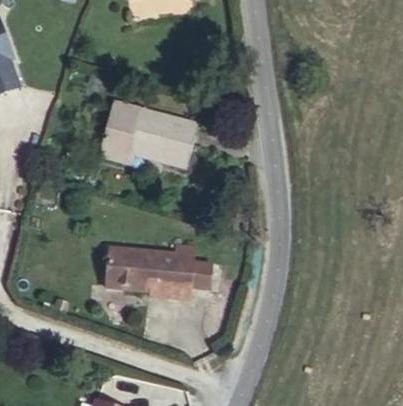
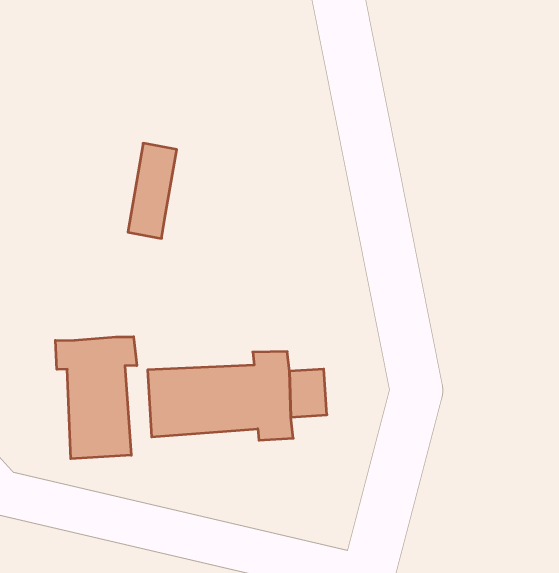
building: [128,115,200,174] -> none
building: none -> [55,337,137,459]

